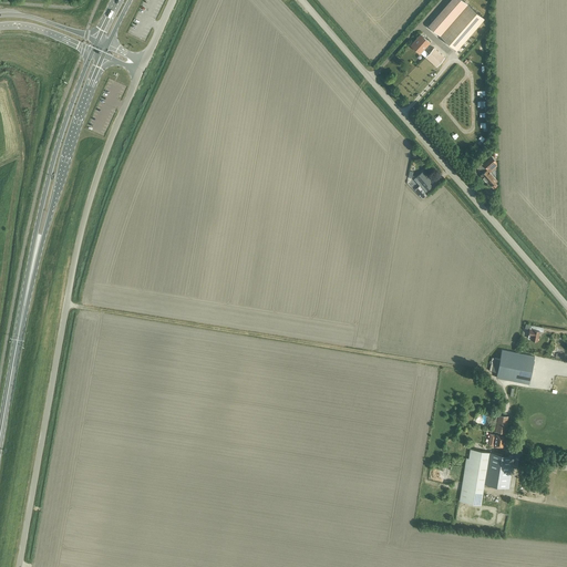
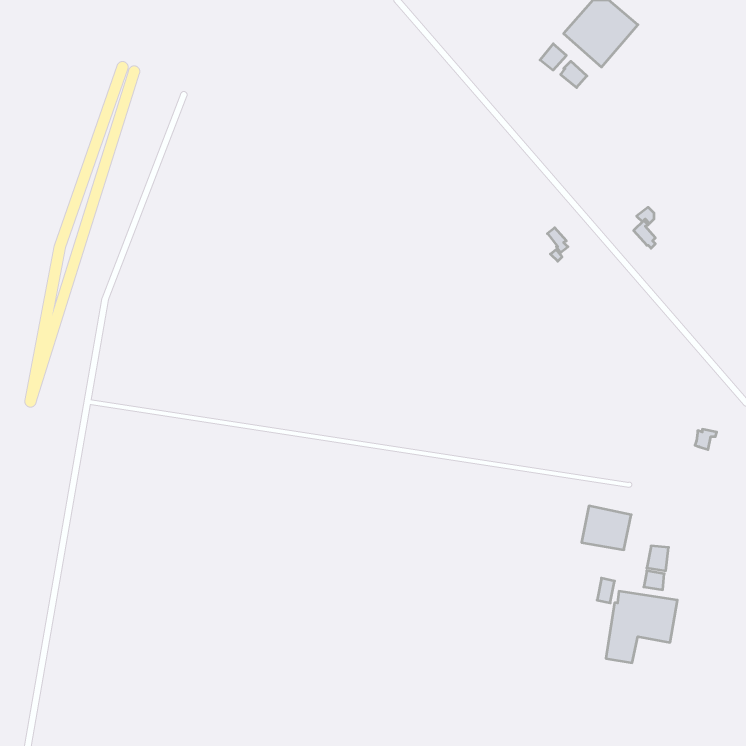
building: [496,350,534,383] -> [582,506,631,550]

